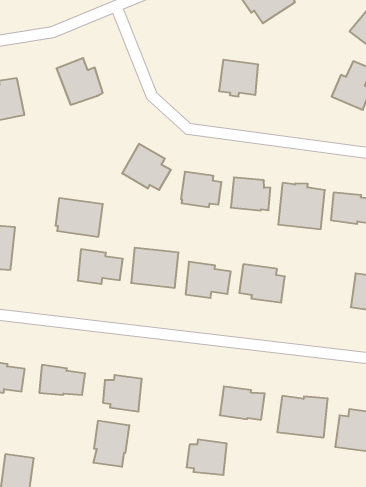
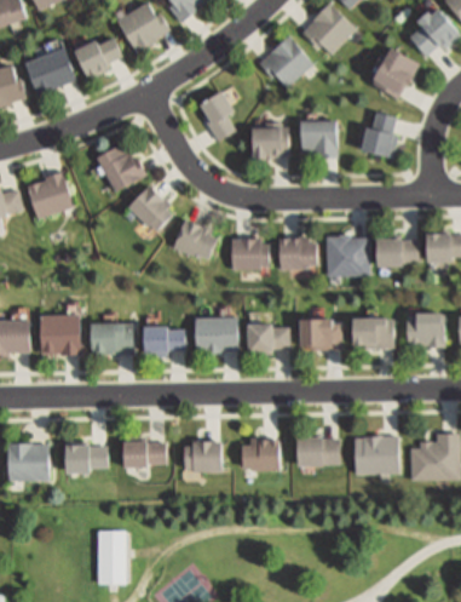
building: none -> [201,90,236,141]
building: none -> [301,120,336,159]
building: none -> [128,184,172,229]
building: [55,198,103,237] -> [91,322,133,354]
building: none -> [353,317,394,349]
building: [94,421,129,467] -> none
building: [186,439,227,475] -> [243,440,280,471]

